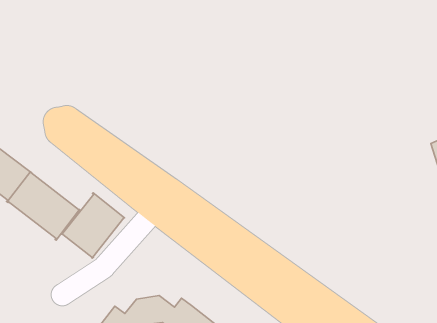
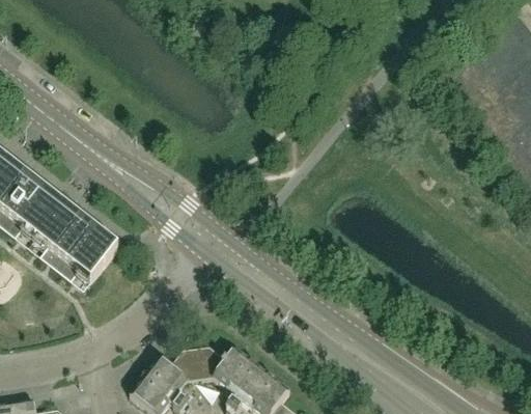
building: [61,193,125,258] -> none

